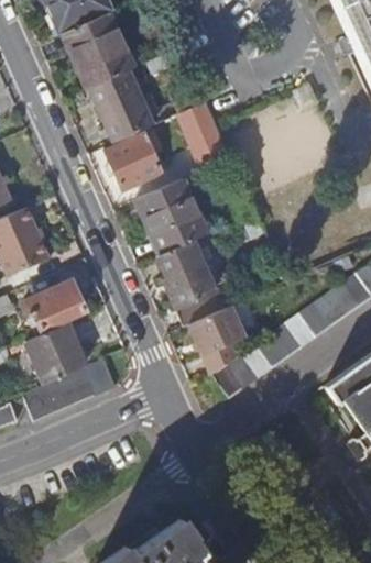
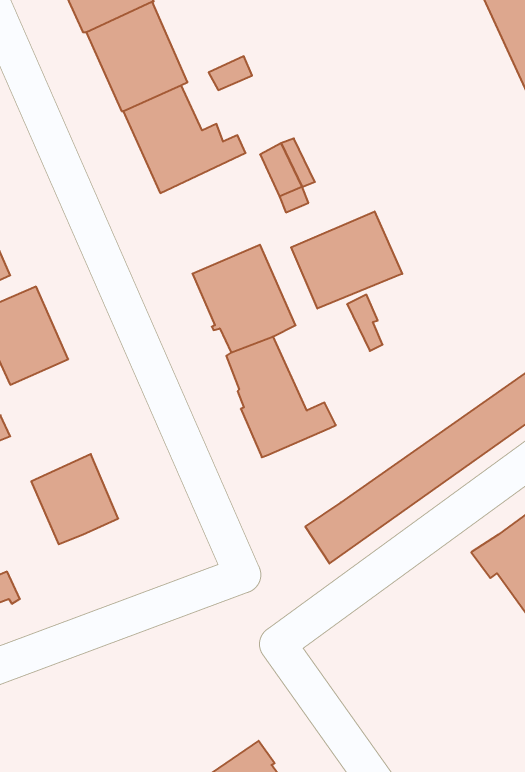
building: [107,132,163,189] -> none
building: none -> [291,211,402,309]
building: [30,283,87,327] -> none
building: [187,303,244,374] -> none
building: [23,357,117,421] -> none

